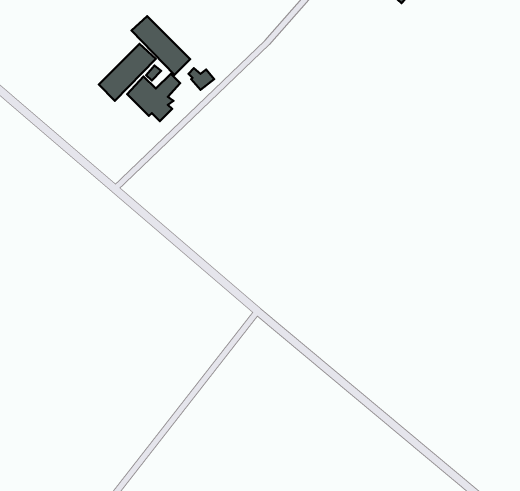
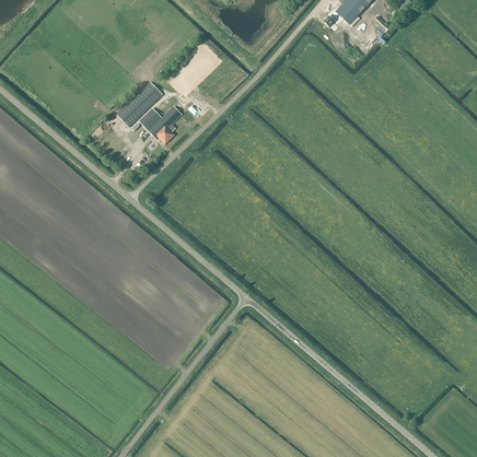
building: [131,16,190,75] -> none

